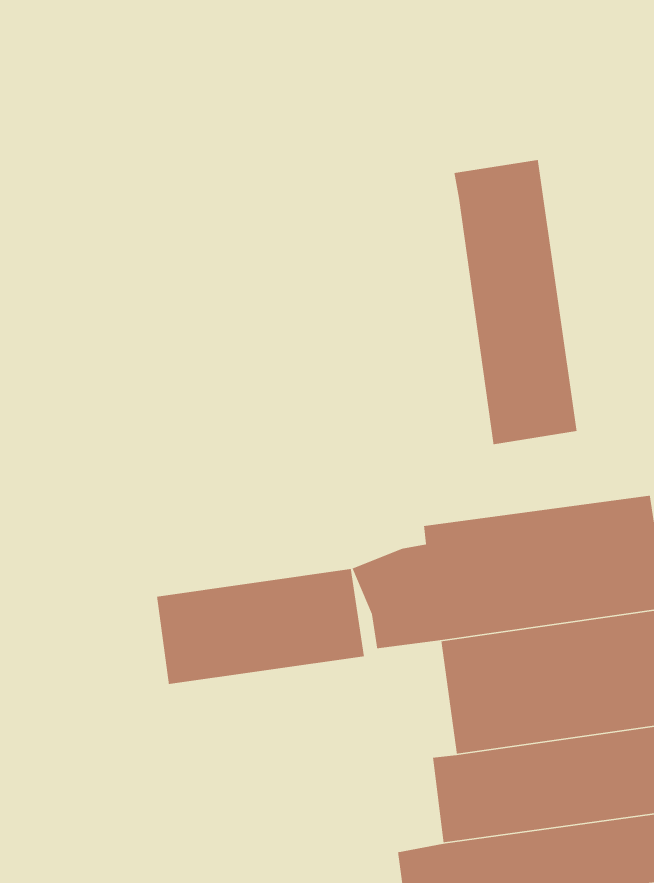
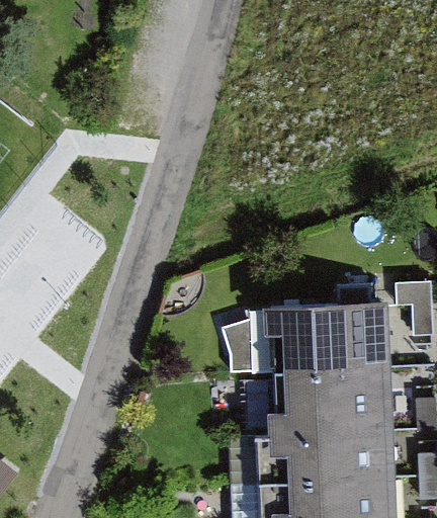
building: [454,159,578,445] -> none
building: [156,568,365,685] -> none

